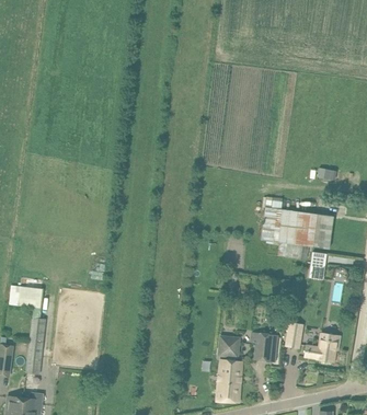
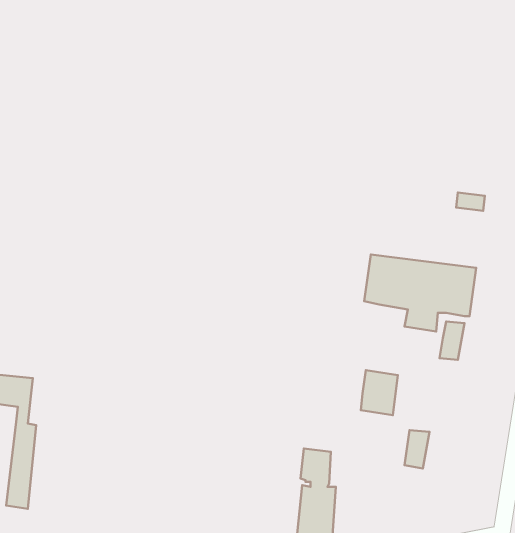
building: [255,332,279,361] -> [361,370,398,415]
building: [306,332,341,361] -> none

